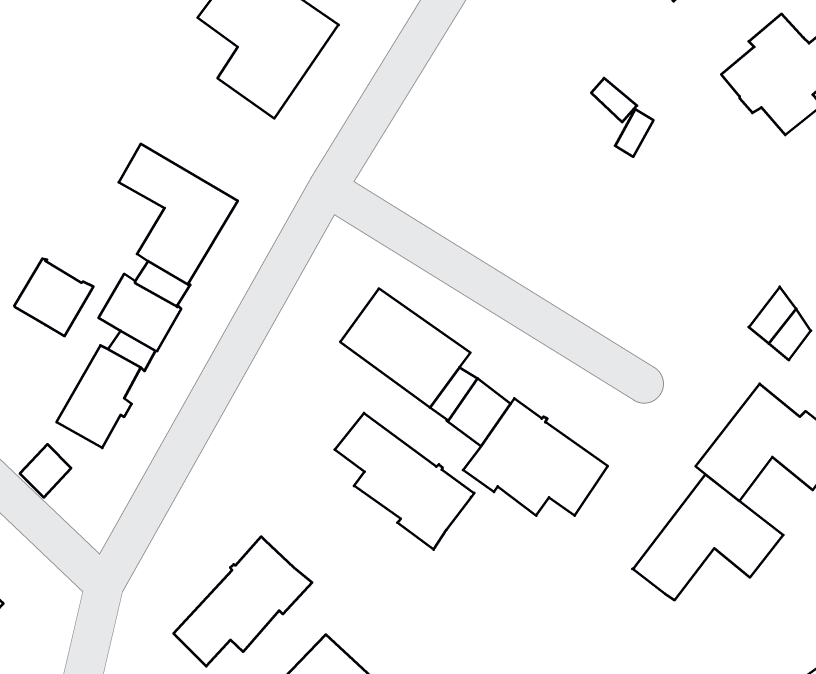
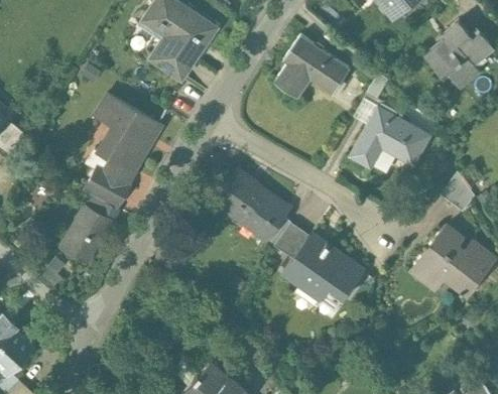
building: none -> [275,36,350,95]
building: none -> [352,109,428,167]
building: [14,259,93,336] -> none
building: [335,413,474,550] -> none
building: [632,475,783,600] -> none
building: [174,537,312,666] -> none

